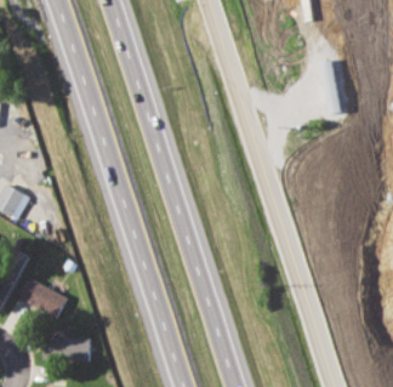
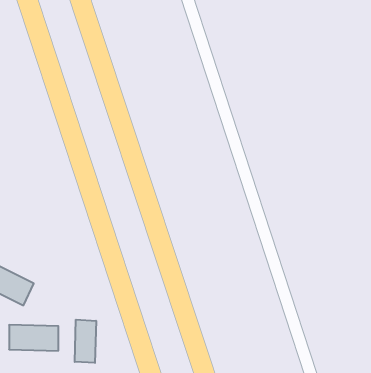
building: none -> [75,320,96,363]

